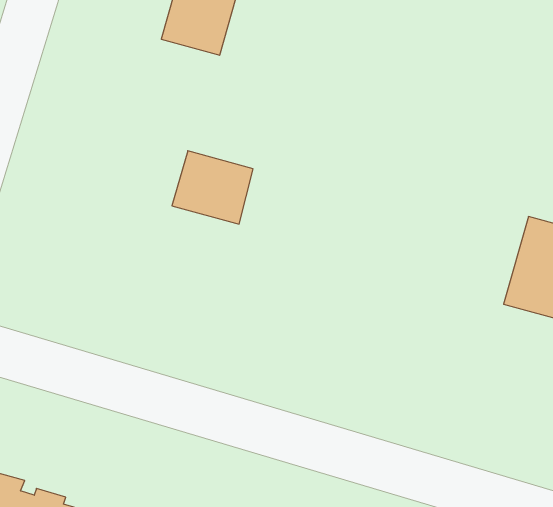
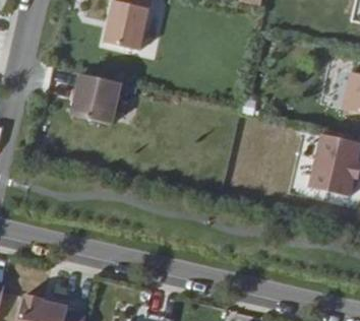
building: [172,151,253,224] -> [76,73,122,114]

